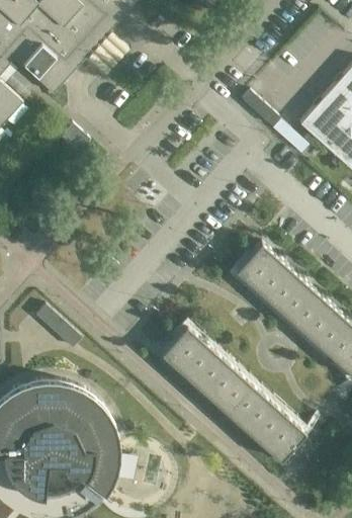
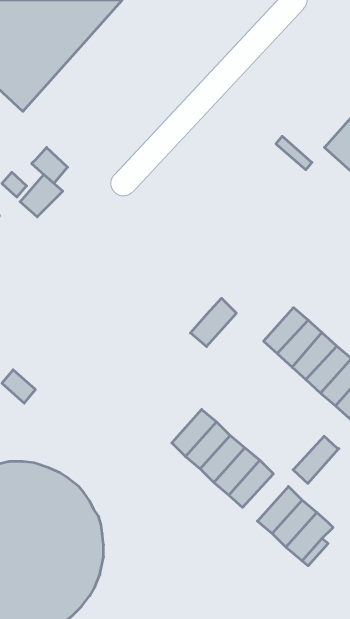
building: none -> [20,175,63,217]
building: [235,241,272,280] -> [190,298,236,347]
building: [160,325,197,363] -> none
building: [231,388,268,427] -> [293,436,339,483]

